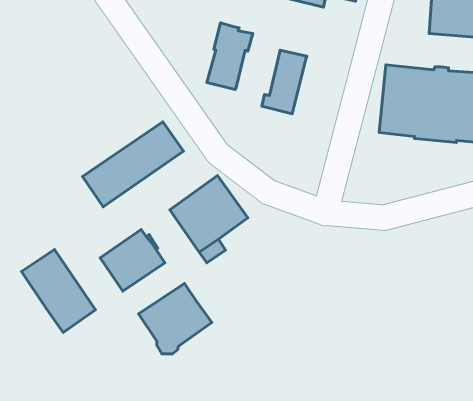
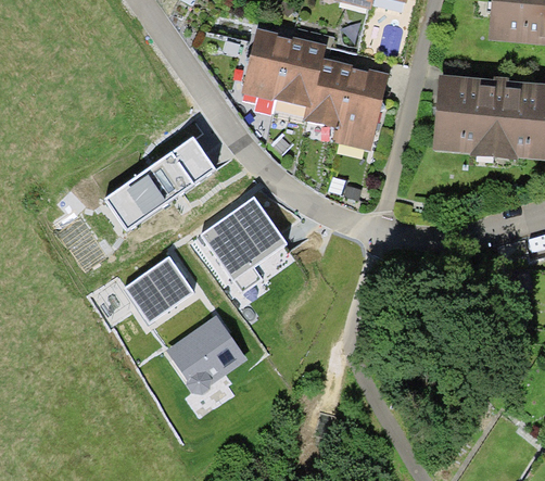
building: none -> [275,37,327,107]
building: none -> [333,67,390,151]
building: [22,249,95,332] -> none

